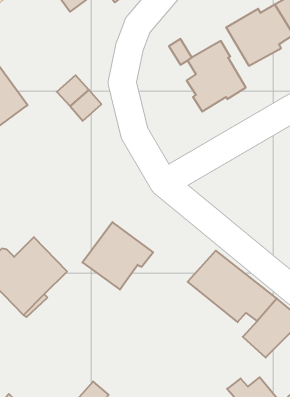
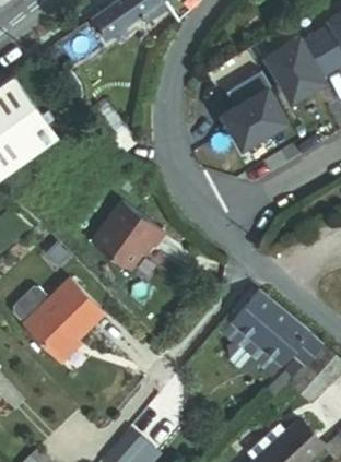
building: [82,222,153,290] -> [92,197,166,268]

